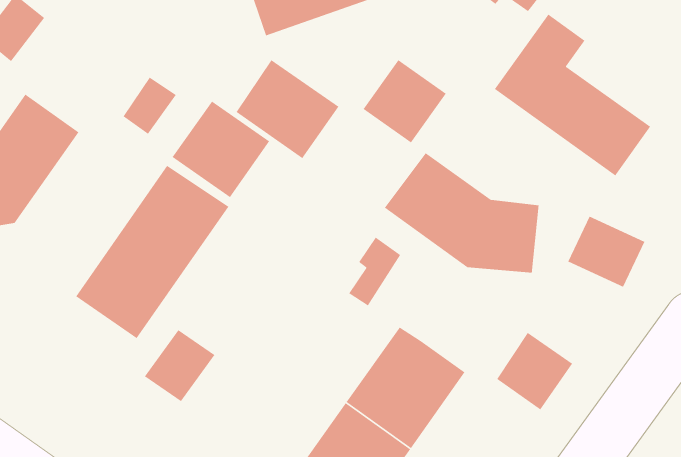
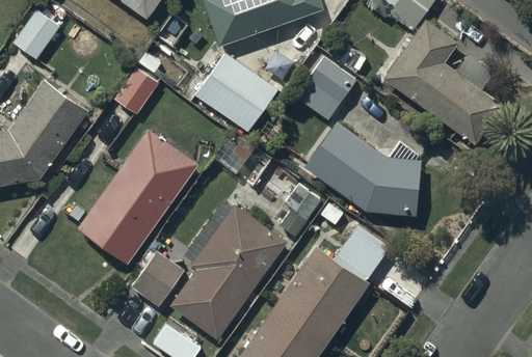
building: [172,100,270,198] -> none
building: [567,215,645,288] -> none
building: none -> [174,207,284,335]
building: [496,332,573,411] -> [334,227,390,284]

